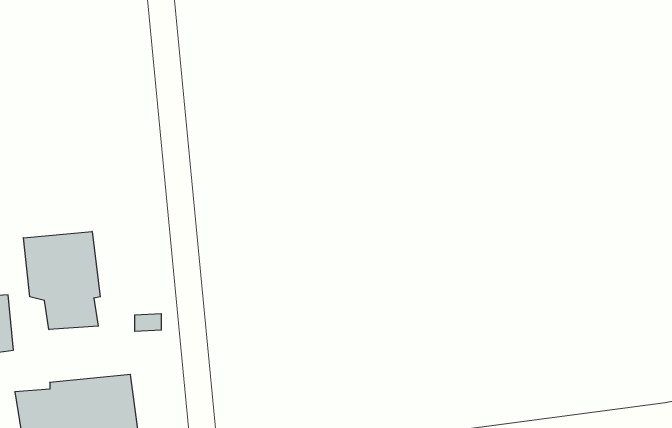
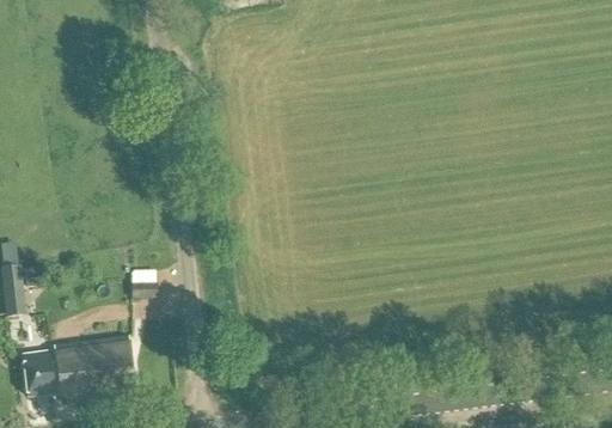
building: [23,231,100,330] -> none

